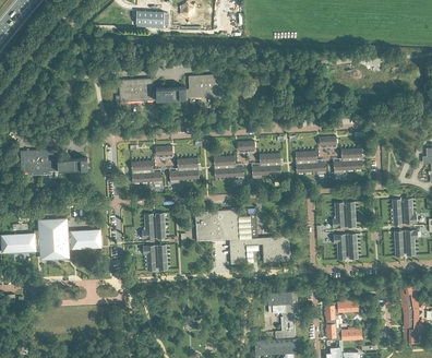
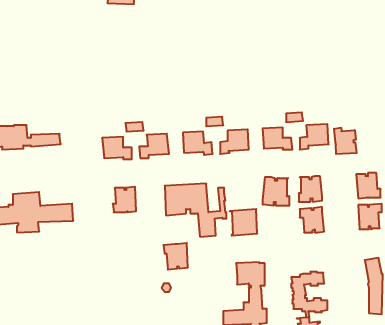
building: [116,74,226,102] -> none
building: none -> [334,128,357,154]
building: none -> [263,177,289,206]
building: [143,244,168,272] -> [163,243,188,270]

